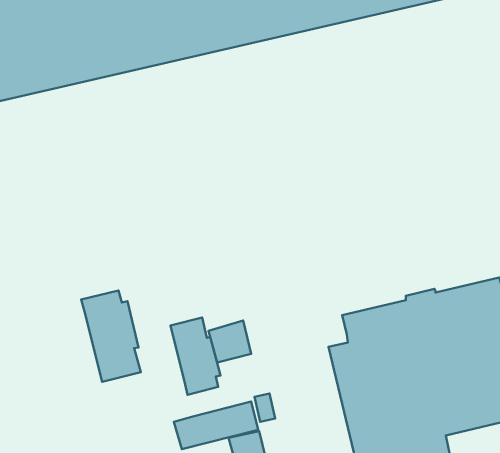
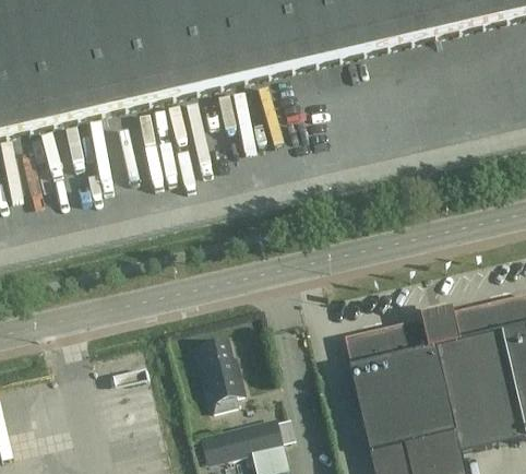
building: [81,291,141,382] -> none
building: [209,321,251,362] -> none

